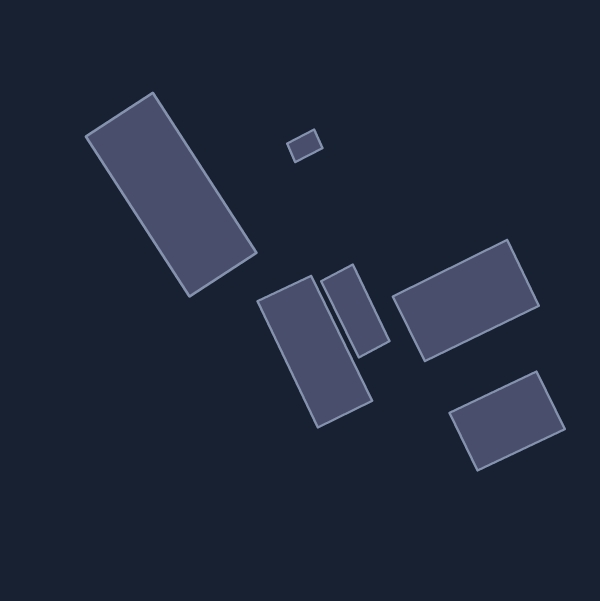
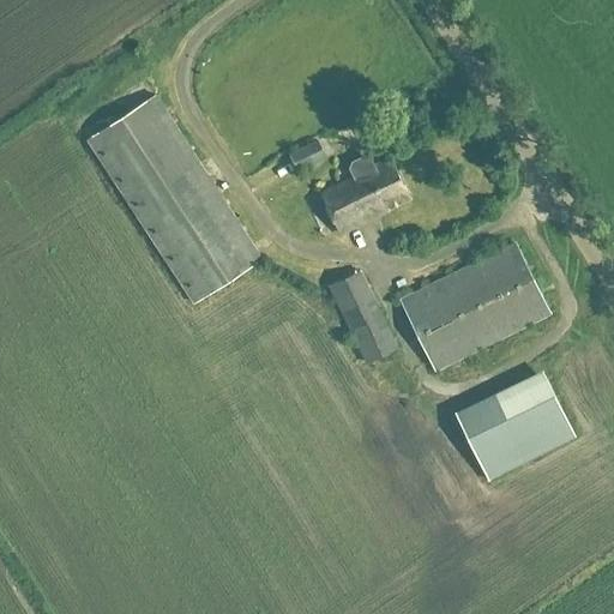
building: none -> [320,155,410,231]
building: [258,276,372,427] -> none

